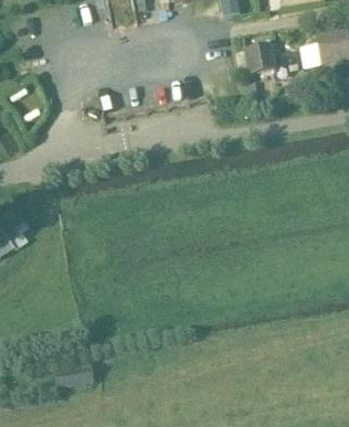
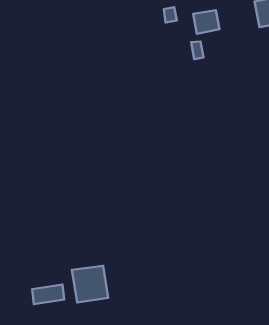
building: none -> [72,266,108,303]

